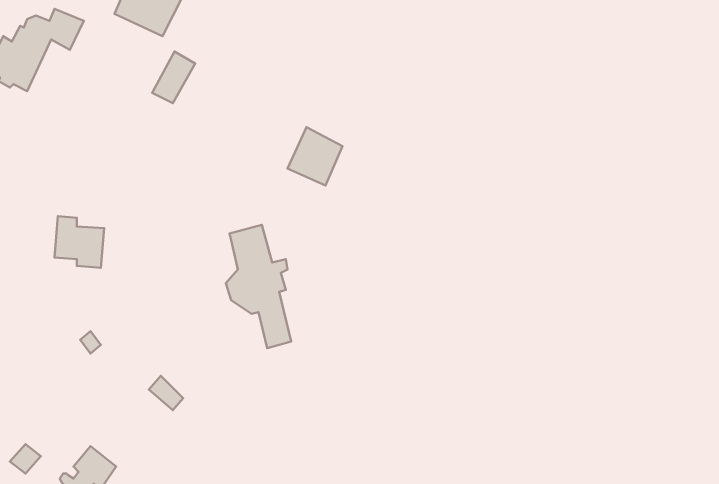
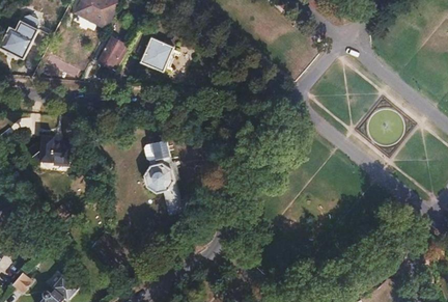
building: [288,127,342,186] -> [140,36,173,72]

